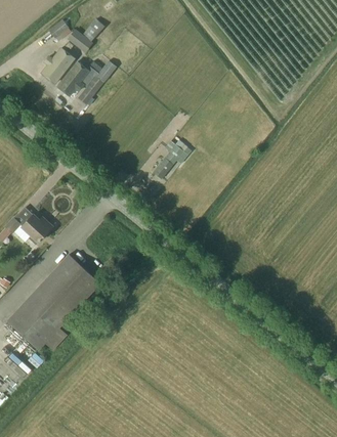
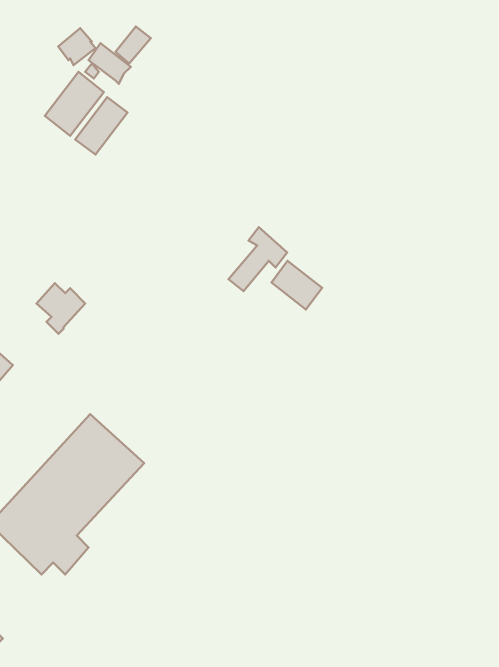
building: [77,61,115,104] -> none
building: none -> [271,261,322,309]
building: [22,215,51,246] -> [36,283,85,334]

